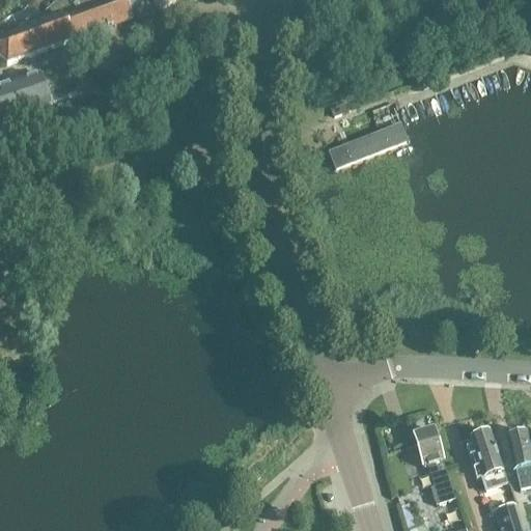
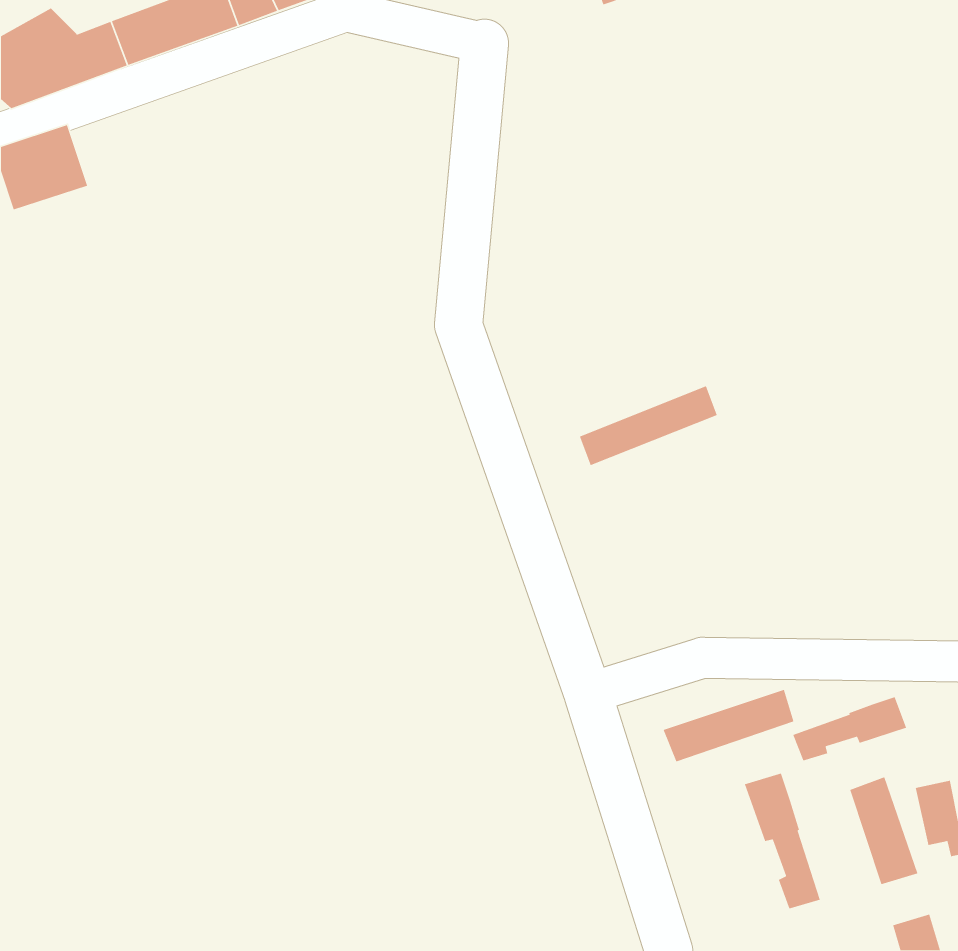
building: [330,120,407,165] -> [579,385,718,466]
building: none -> [663,689,794,762]
building: none -> [792,696,907,762]

